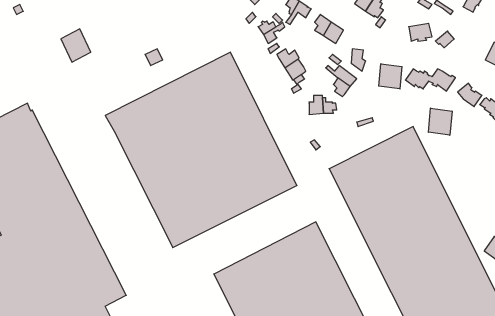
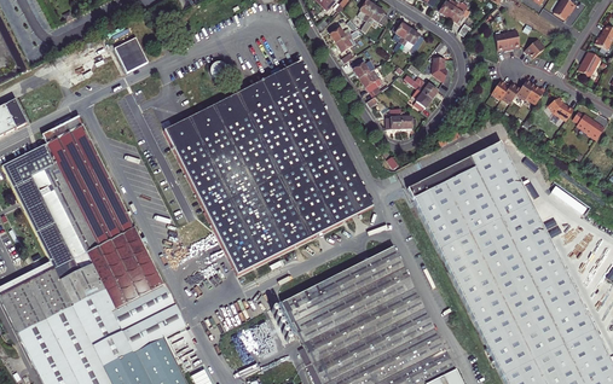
building: [379,64,402,89] -> none
building: [428,108,452,135] -> none

